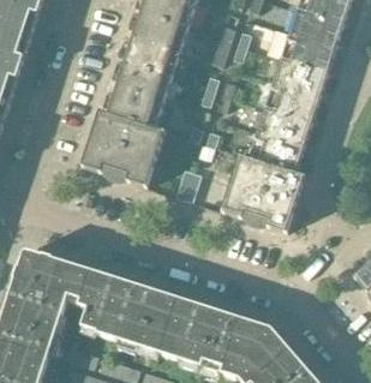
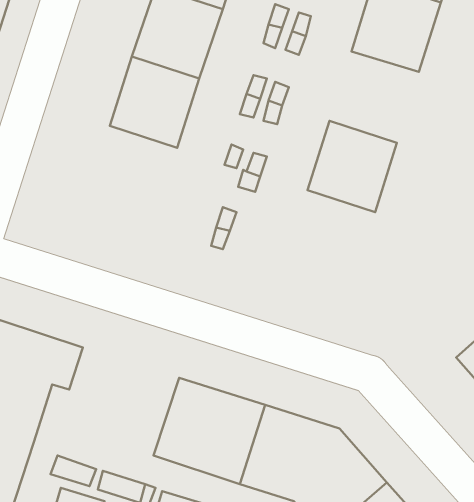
building: [263,59,327,124] -> none
building: [80,109,164,186] -> none
building: [220,154,304,232] -> none
building: [77,269,156,346] -> none

